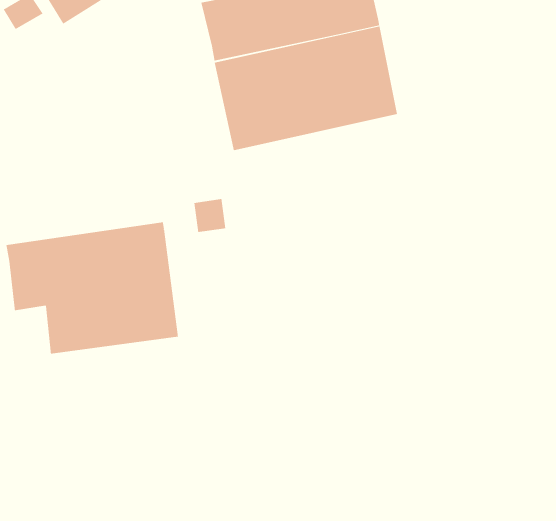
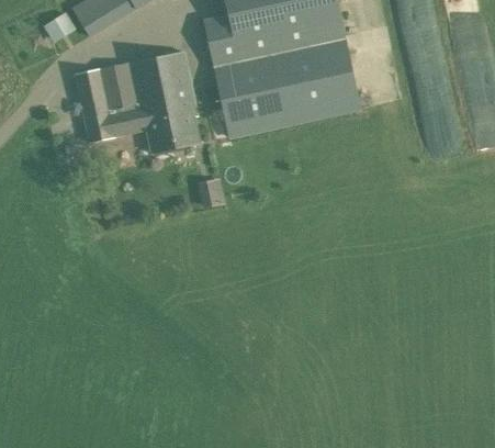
building: none -> [75,52,201,154]
building: [6,222,179,355] -> none

